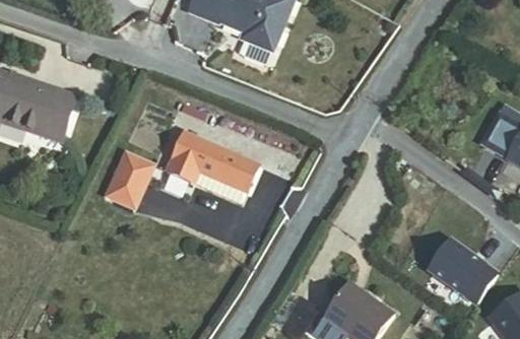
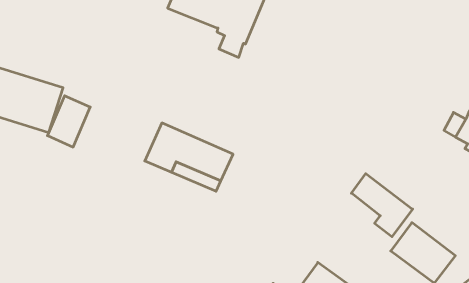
building: [107,156,152,211] -> [47,96,90,147]
building: none -> [351,174,413,237]

